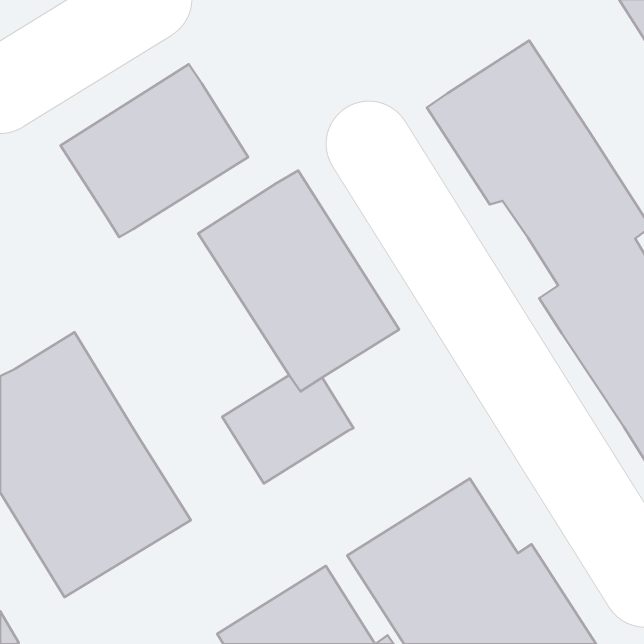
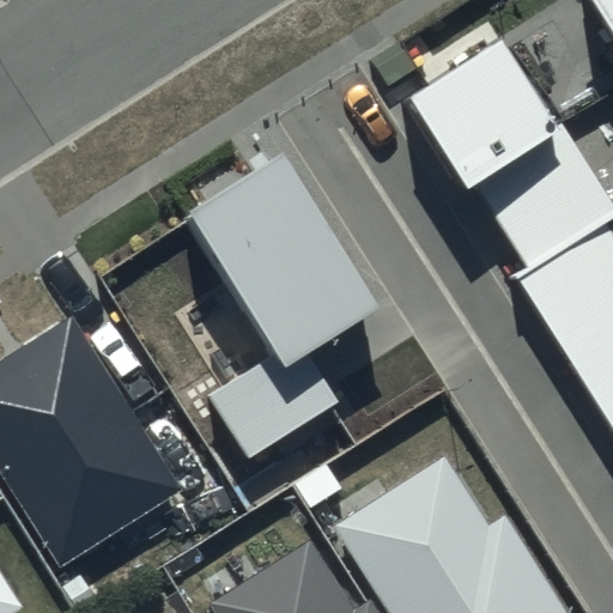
building: [61,64,248,237] -> none

